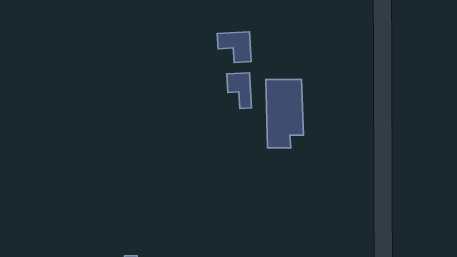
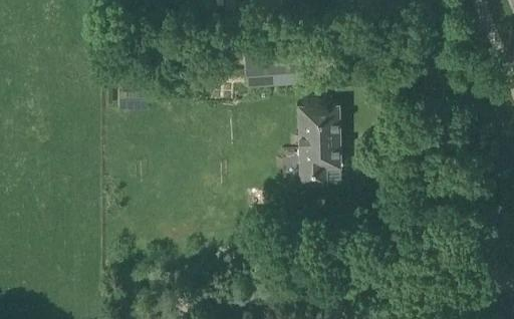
building: [227,73,252,109] -> none

